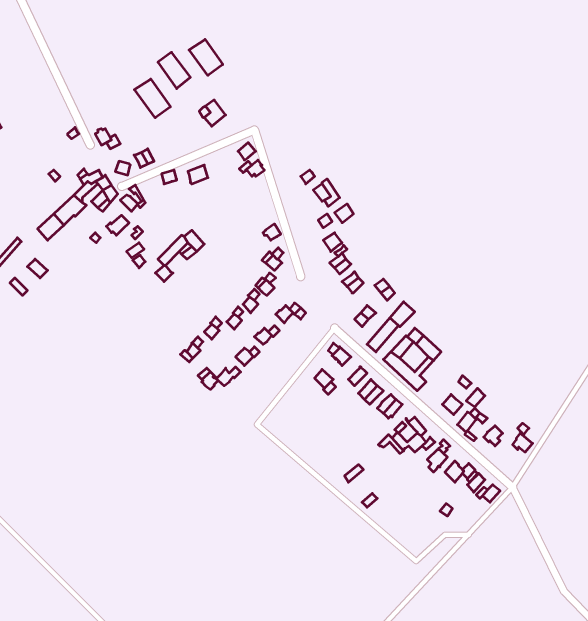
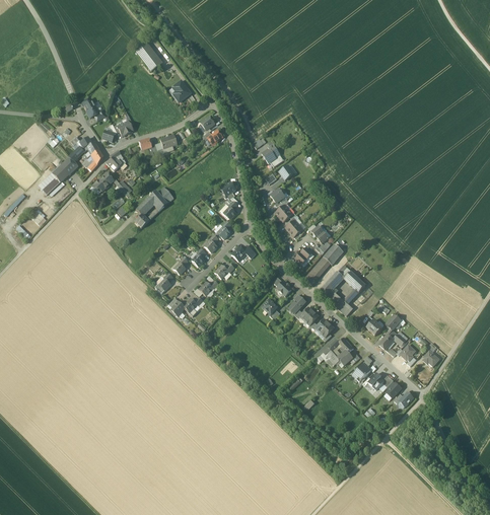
building: [189,39,223,75] -> none
building: [134,79,170,118] -> none

